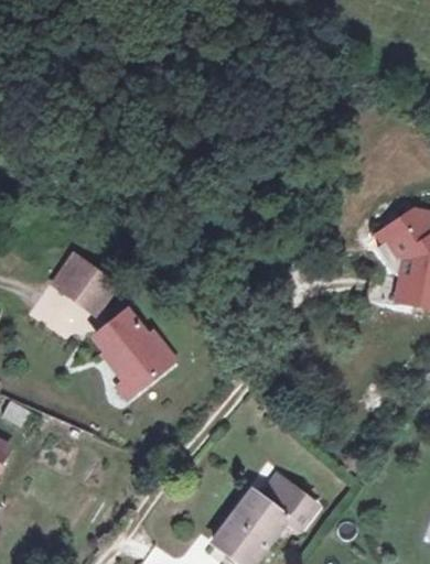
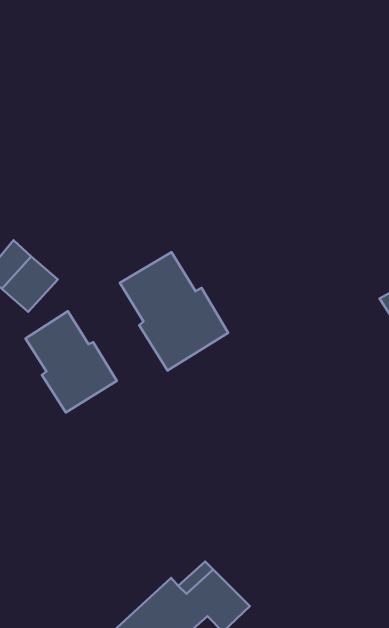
building: none -> [120,252,228,370]

